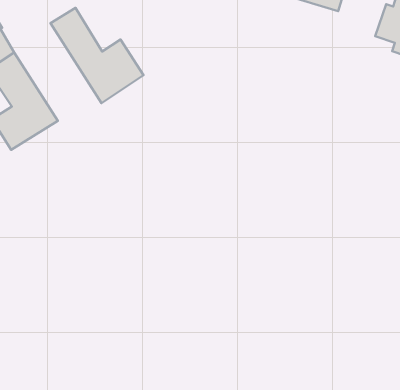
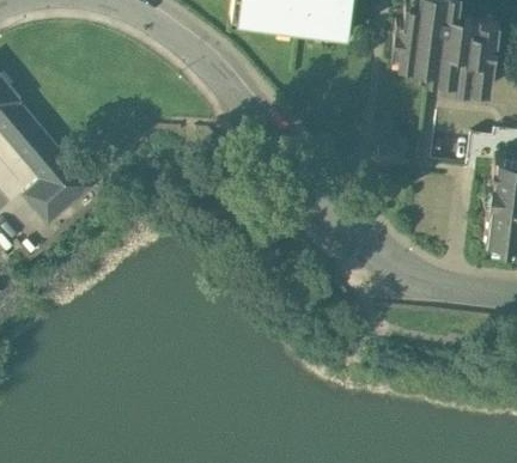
building: [50,8,144,103] -> none

